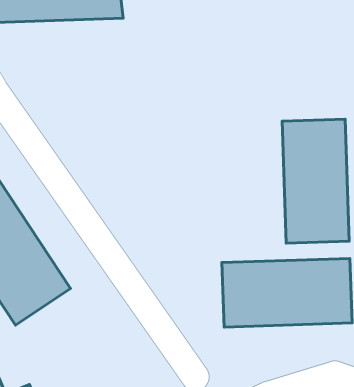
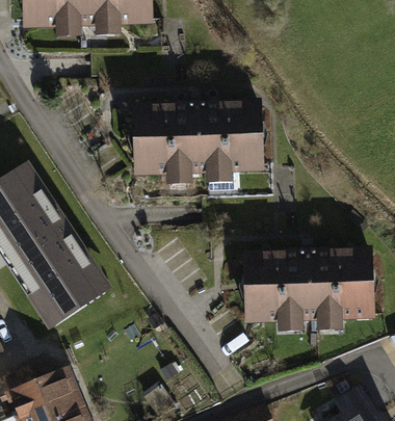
building: none -> [135,106,261,173]
building: [282,119,349,243] -> none

